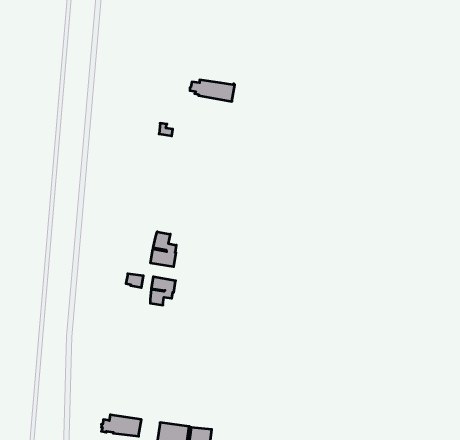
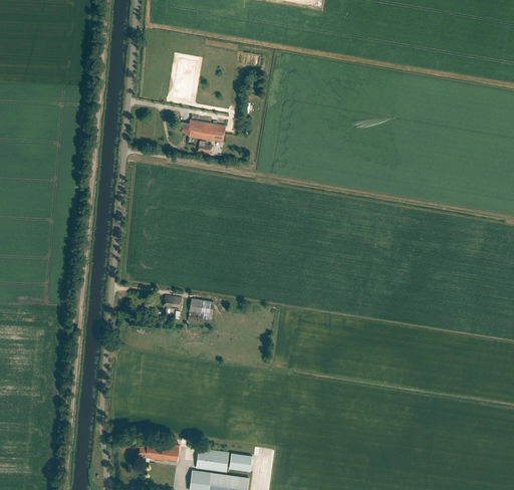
building: [190,80,235,101] -> [179,120,225,143]
building: [151,232,176,267] -> none

